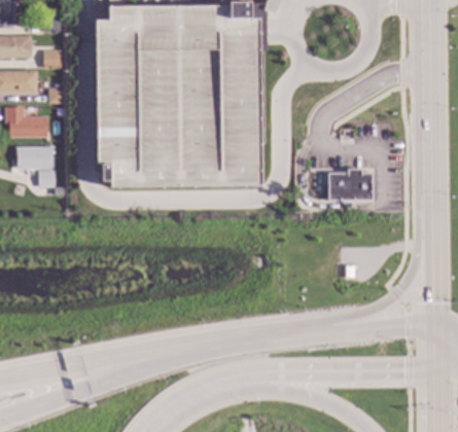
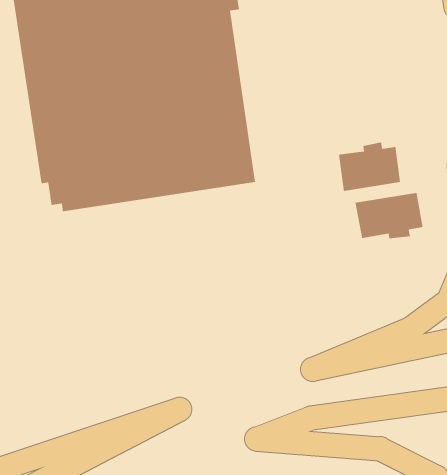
building: none -> [355,192,423,239]

